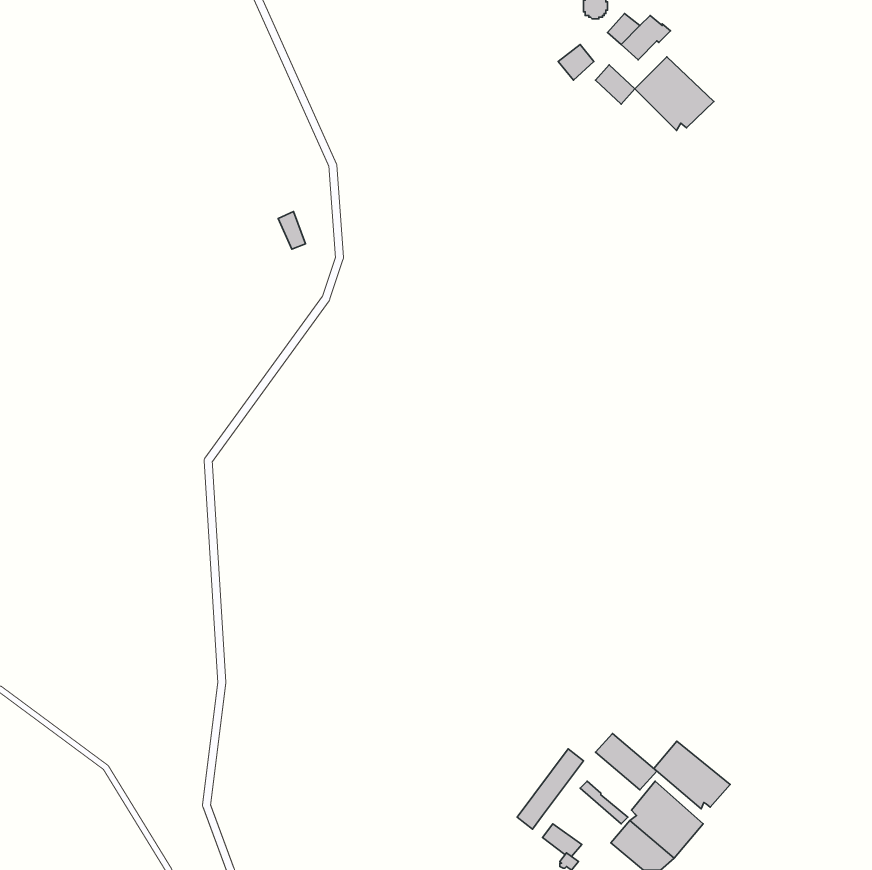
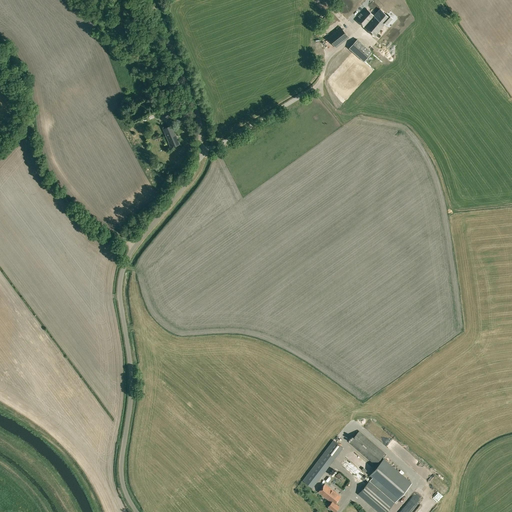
building: [635,57,714,130] -> none
building: [654,741,730,809] -> none

